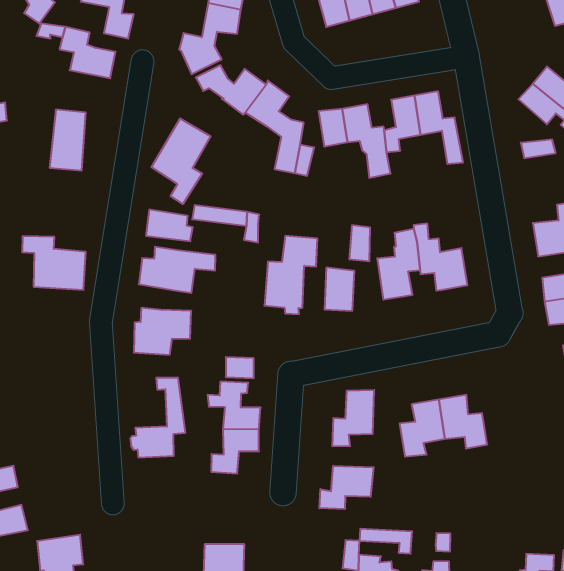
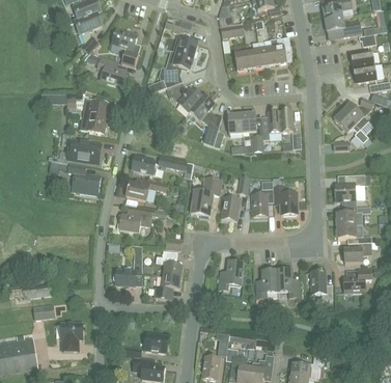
building: [151,118,210,204] -> none
building: none -> [66,139,100,162]
building: none -> [310,270,332,299]
building: [319,466,373,509] -> none

